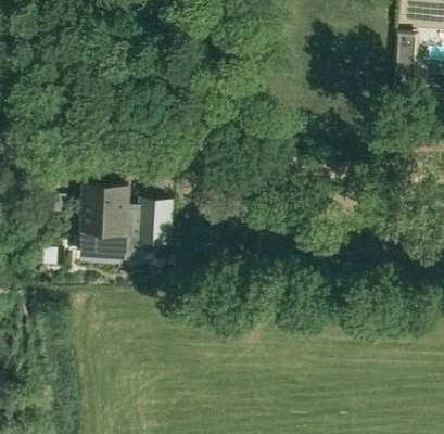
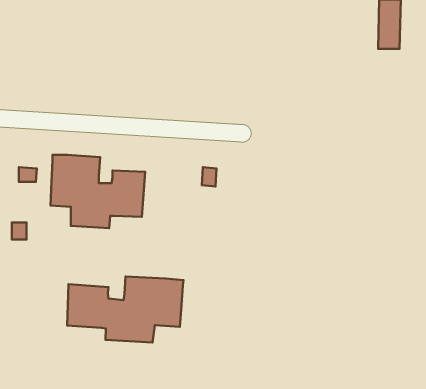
building: none -> [67,276,184,343]

